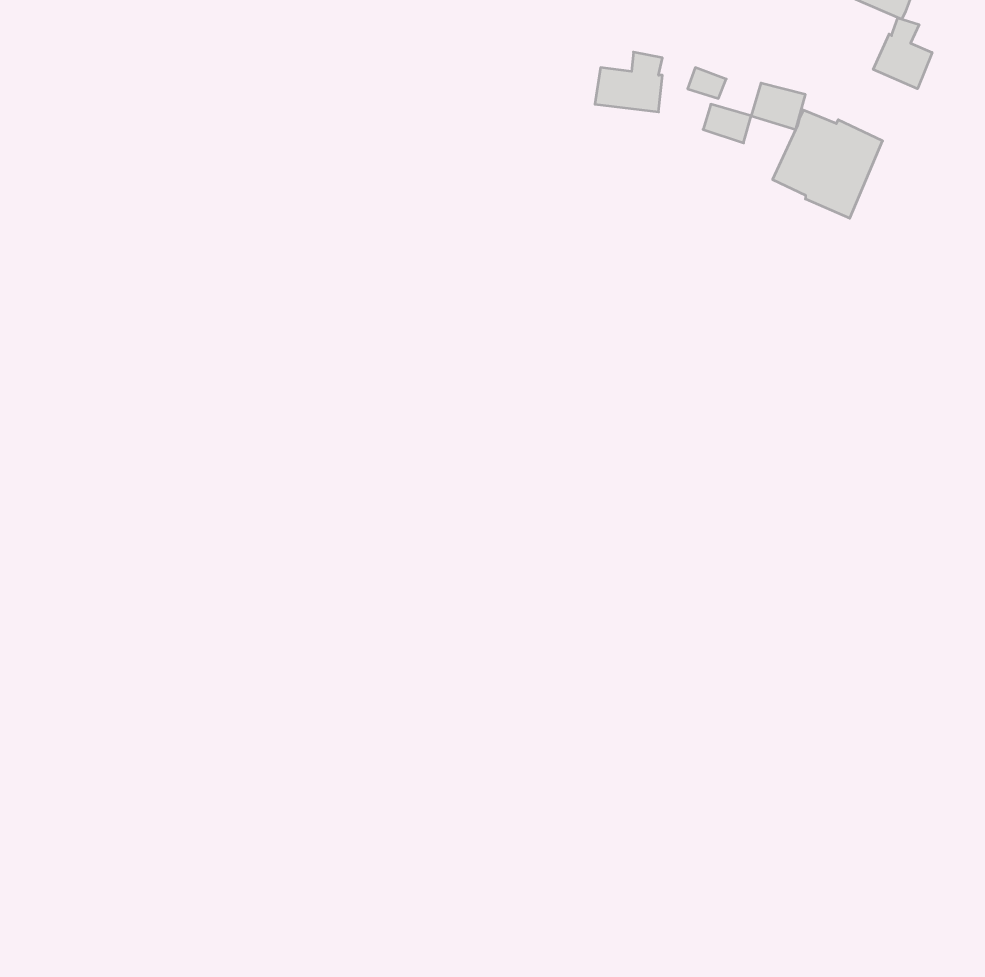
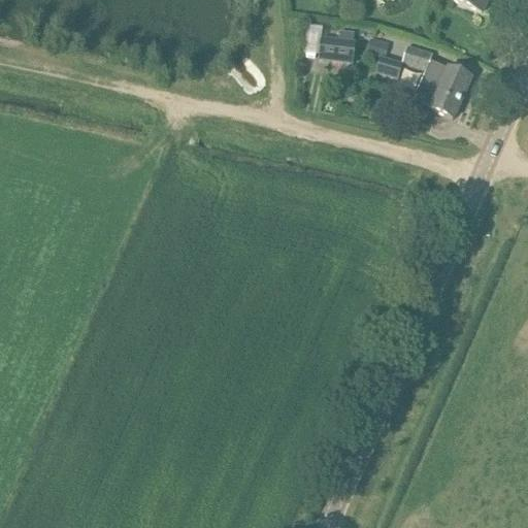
building: [873,18,932,89] -> none

